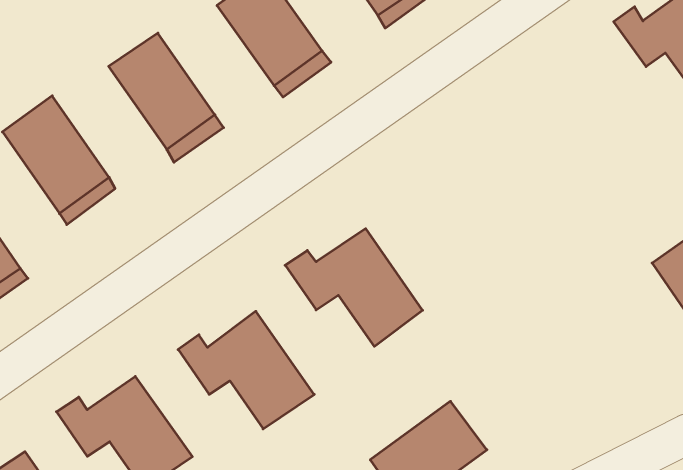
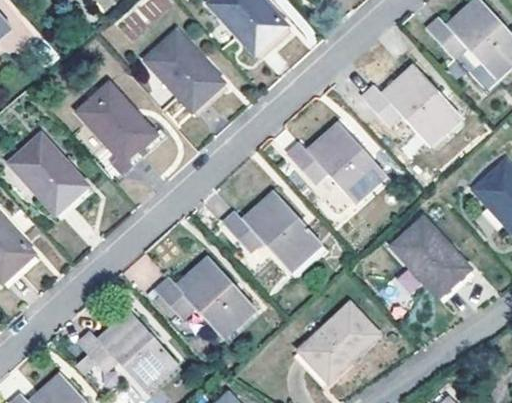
building: none -> [358,66,455,146]
building: none -> [283,124,380,203]
building: none -> [385,220,463,299]

